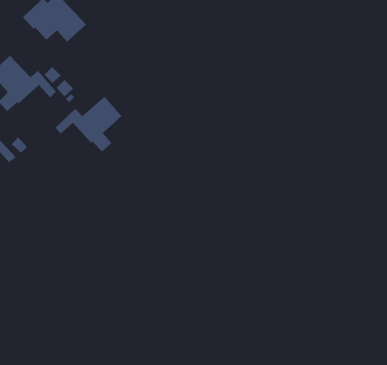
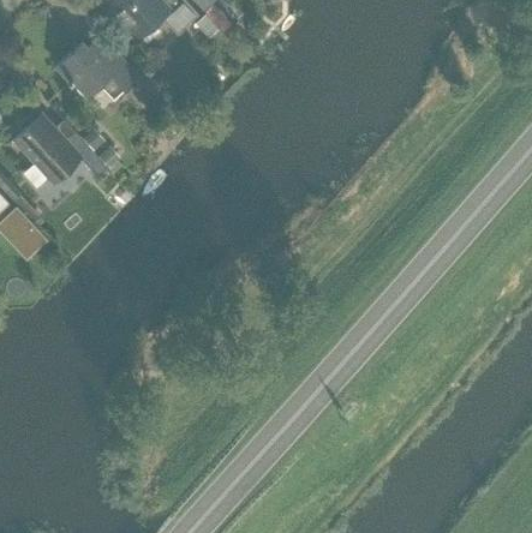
building: [55,96,122,152] -> none

